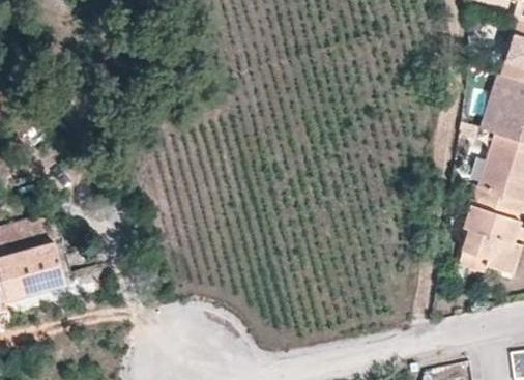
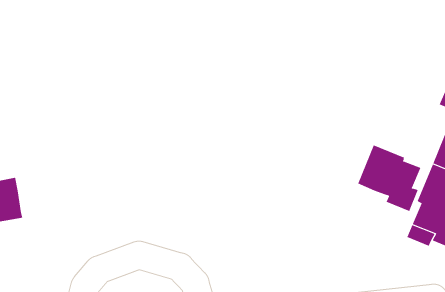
building: none -> [357,145,421,212]

